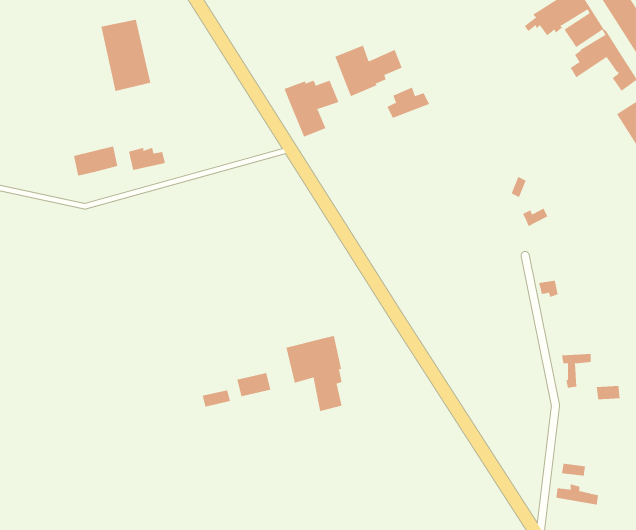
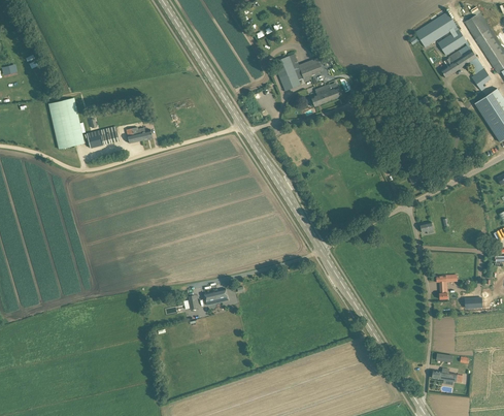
building: [100,19,151,91] -> [48,98,85,150]
building: [284,80,339,137] -> none
building: [286,335,342,412] -> none

